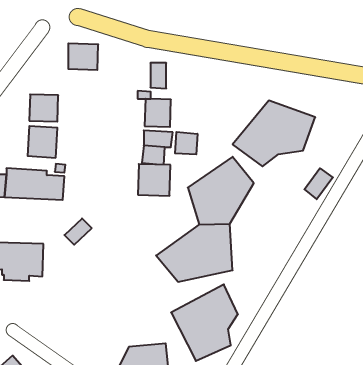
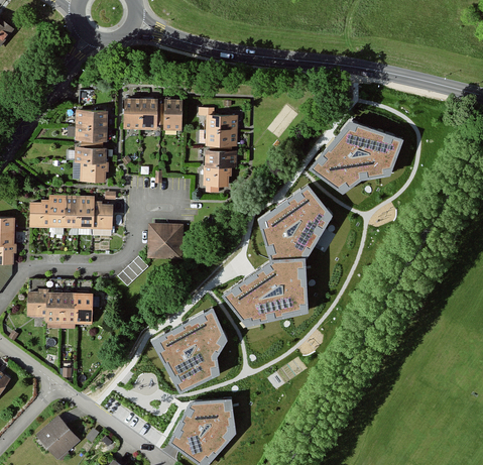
building: [68,43,98,70] -> [125,101,159,131]
building: [150,63,166,88] -> [165,103,184,132]
building: [175,132,197,154] -> none
building: [138,164,170,196] -> [144,220,182,256]
building: [304,168,333,199] -> none
building: [171,284,238,361] -> [150,307,227,394]

